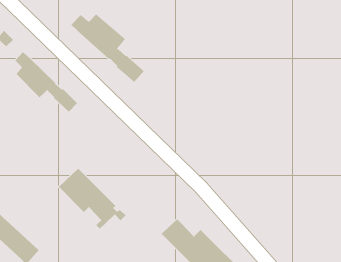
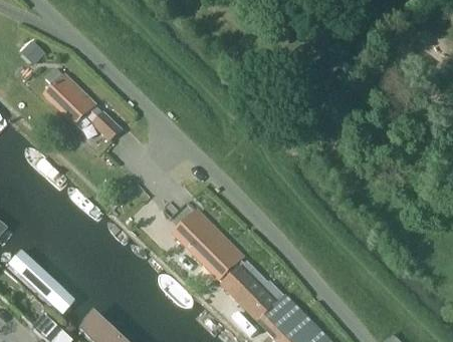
building: [71,13,144,83] -> none
building: [58,168,126,229] -> [173,208,255,282]

